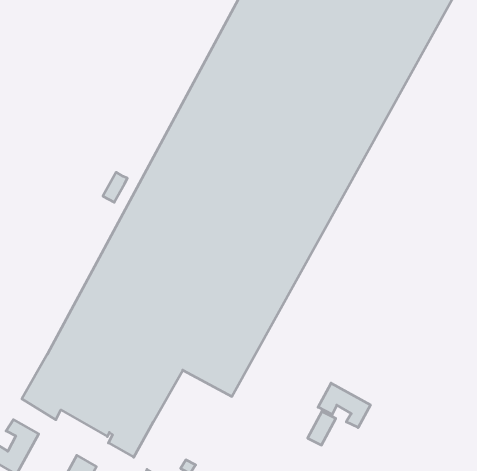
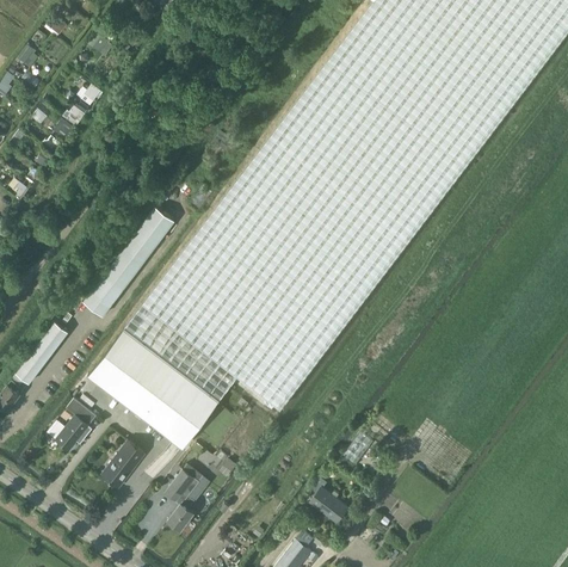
building: none -> [85,205,175,315]
building: [318,383,370,428] -> none

